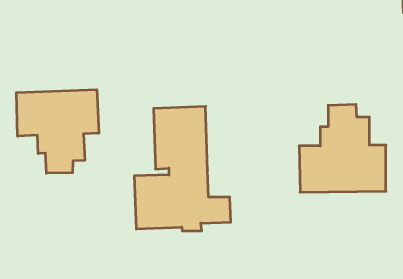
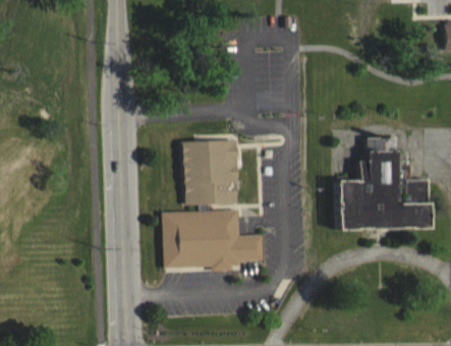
building: [16,90,99,173] -> none

